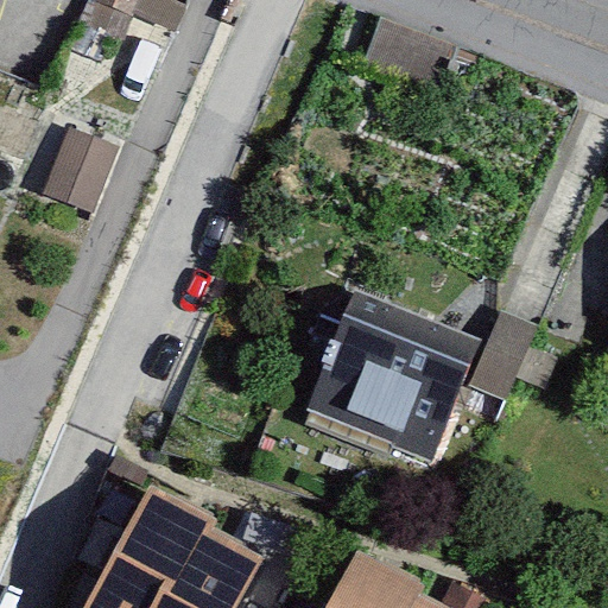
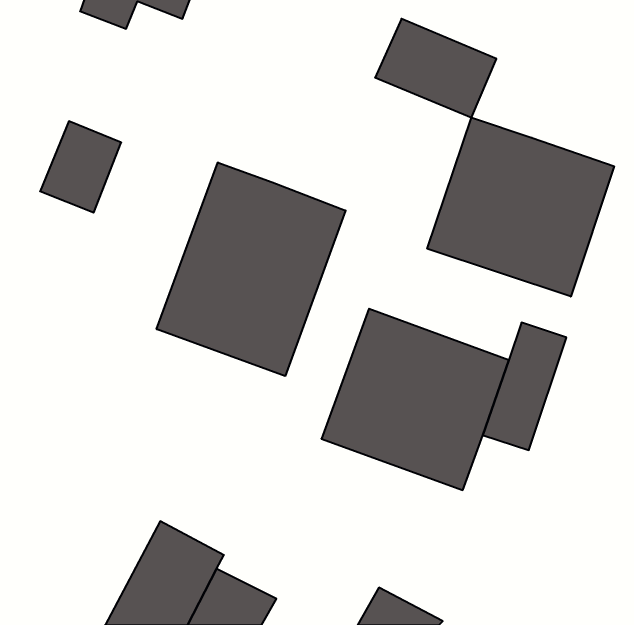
building: none -> [427,118,614,297]
building: none -> [157,162,346,376]

